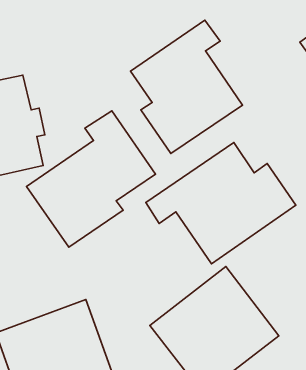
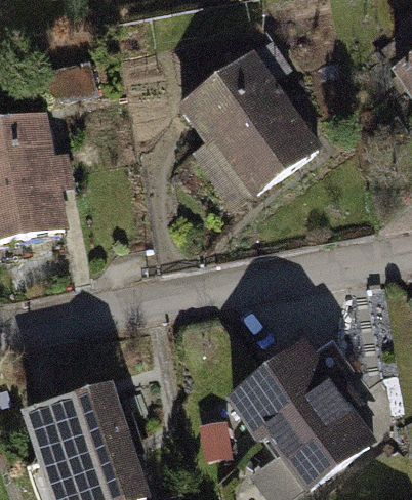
building: [26,111,156,247] -> none
building: [146,142,296,264] -> none

